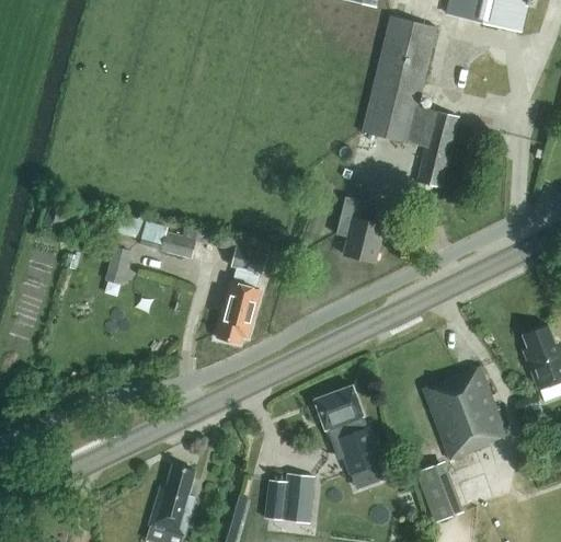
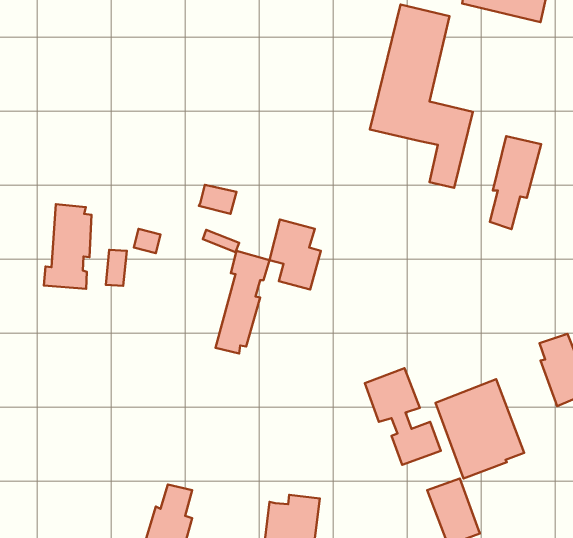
building: none -> [490,136,541,229]
building: [335,196,383,262] -> [269,219,321,289]
building: none -> [44,204,92,289]
building: [160,231,195,258] -> [199,185,236,214]
building: [314,385,386,476] -> [365,368,441,465]

